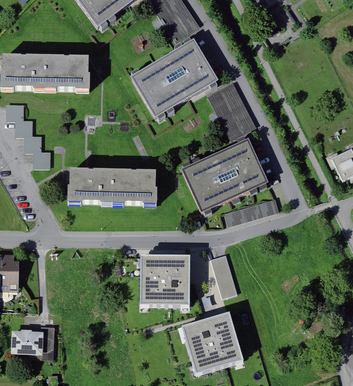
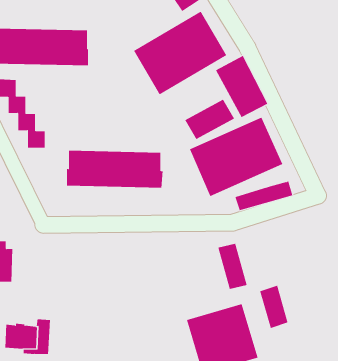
building: none -> [184,99,235,140]
building: [140,257,188,305] -> none
building: none -> [260,285,288,329]

